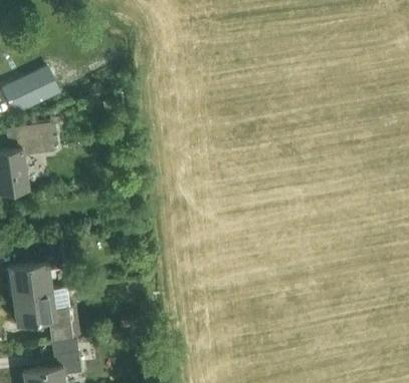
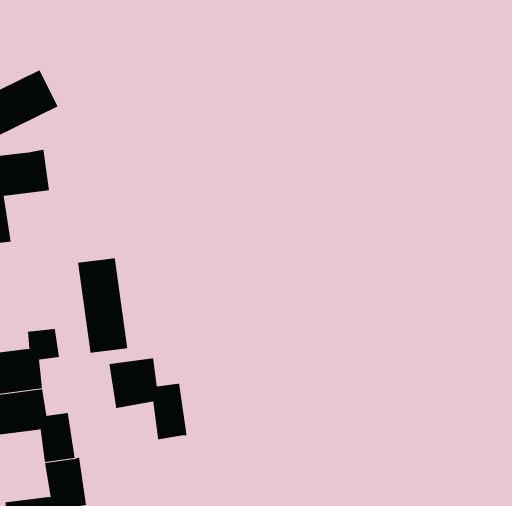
building: none -> [78,257,128,353]
building: none -> [109,357,187,440]

